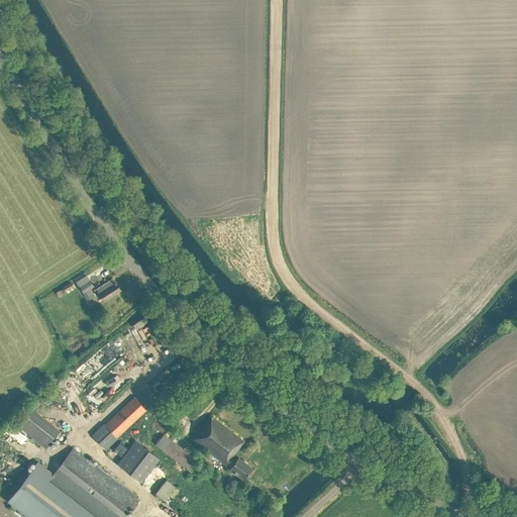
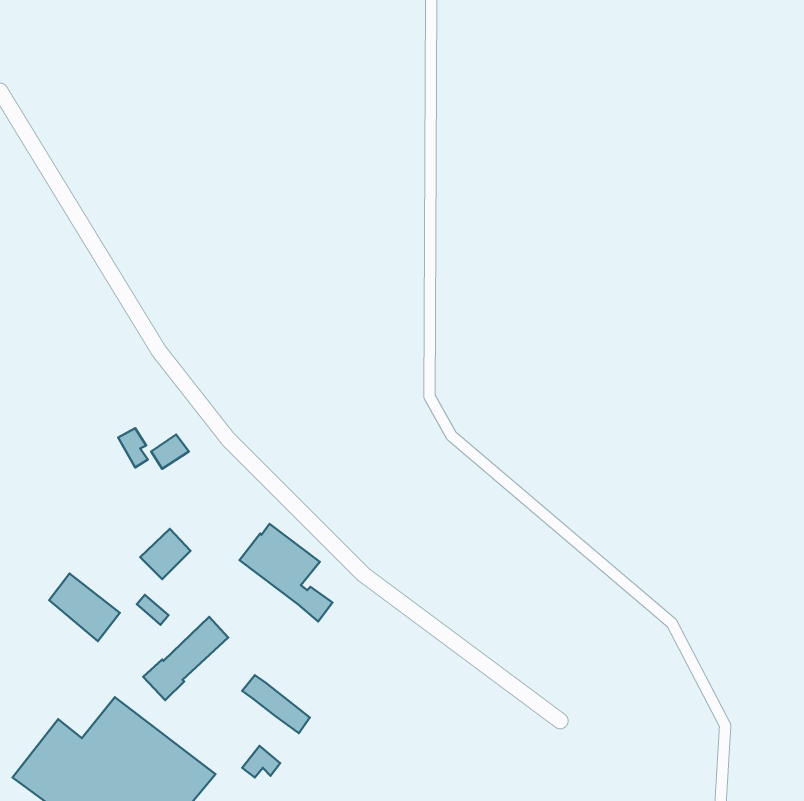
building: [15,407,61,450] -> [49,573,120,641]
building: [193,418,252,481] -> [240,524,332,621]
building: [118,441,160,484] -> none

